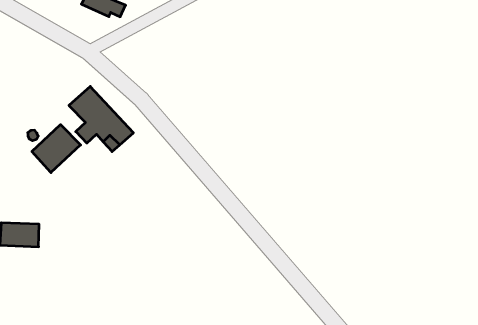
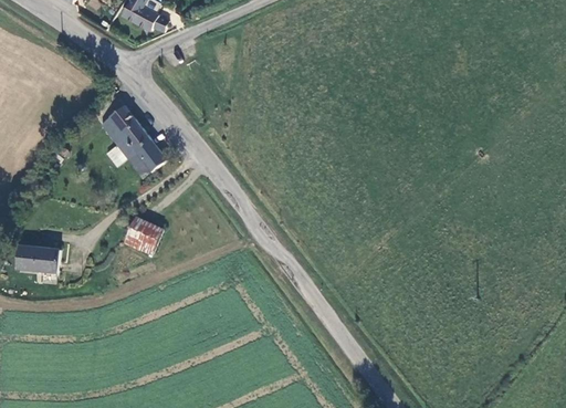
building: [32,125,81,173] -> none
building: none -> [126,217,165,254]

